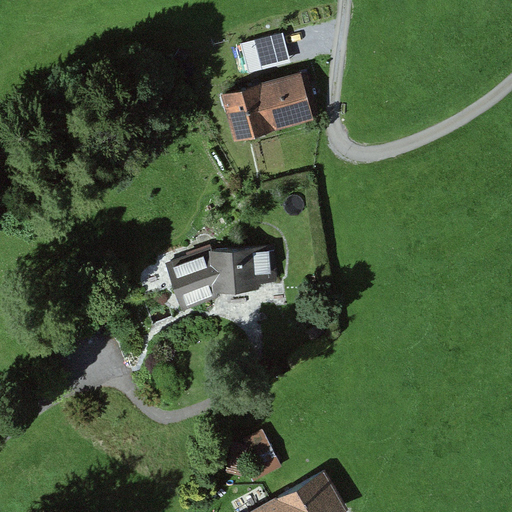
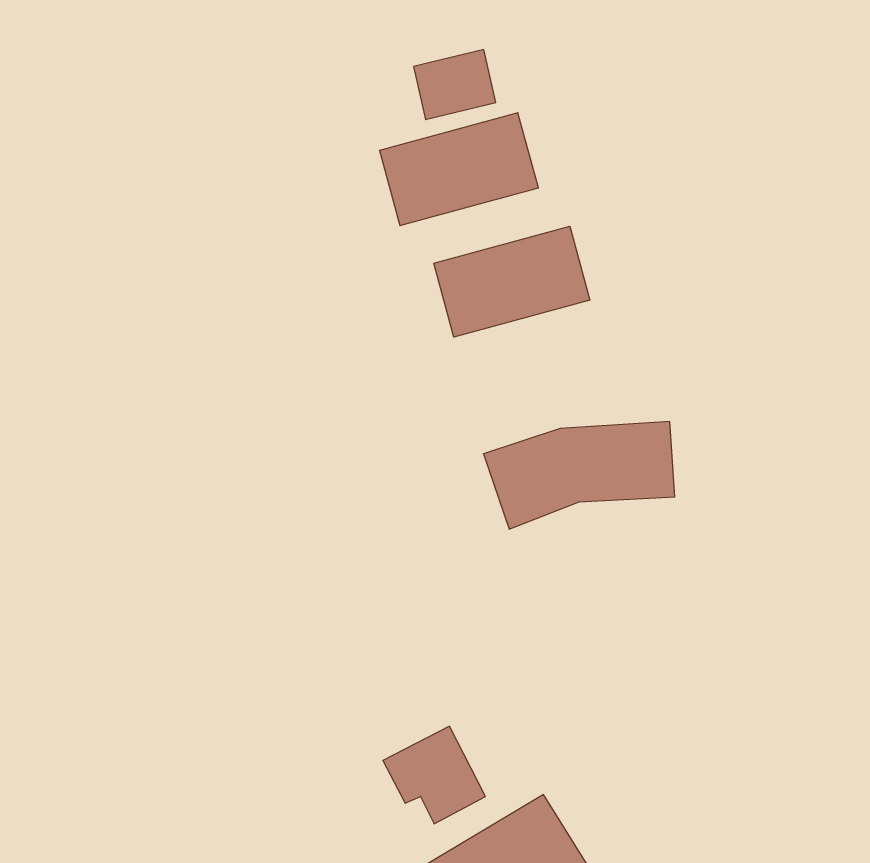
building: none -> [434,226,590,337]
building: [165,248,277,311] -> [483,422,675,529]

